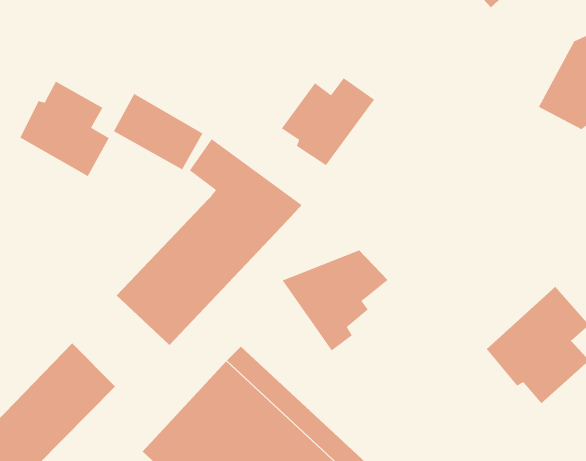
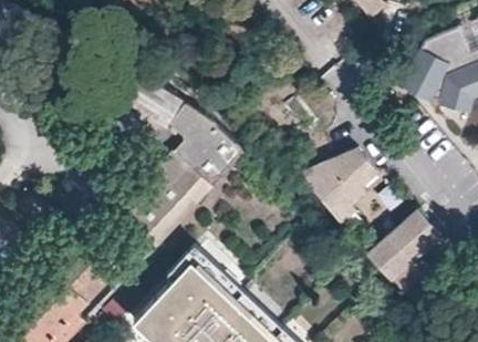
building: [281,77,375,166] -> none
building: [19,80,110,177] -> none
building: [281,249,388,352] -> [305,152,378,221]

